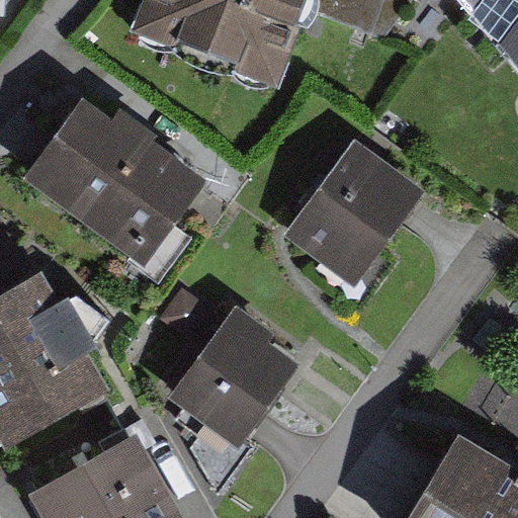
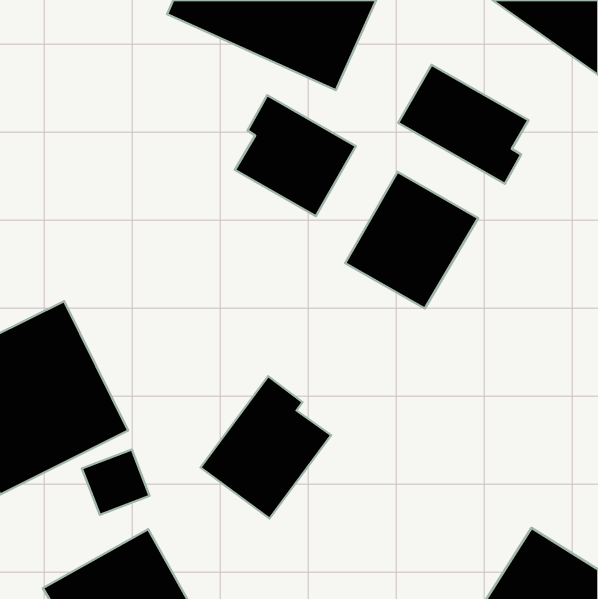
building: none -> [398,65,529,184]
building: none -> [235,95,356,216]
building: [28,88,206,254] -> none

